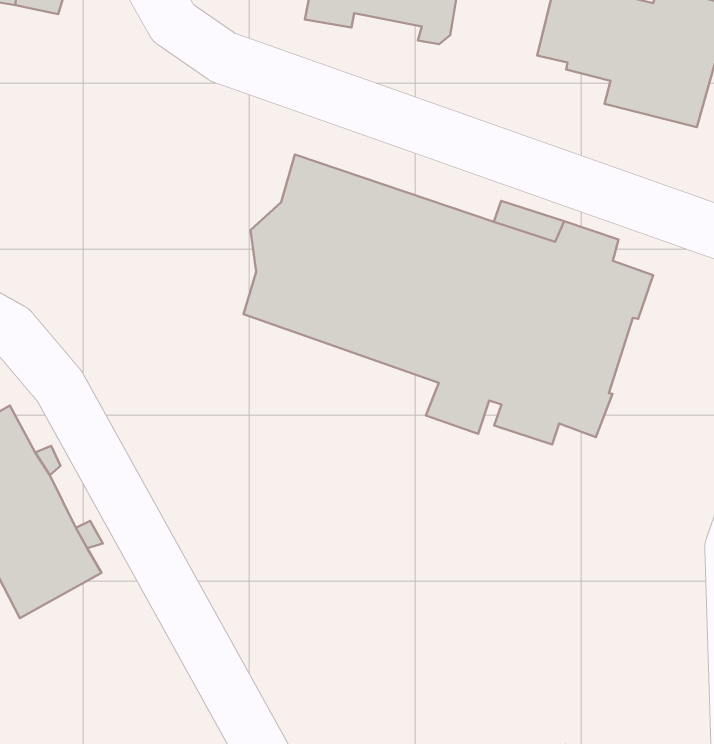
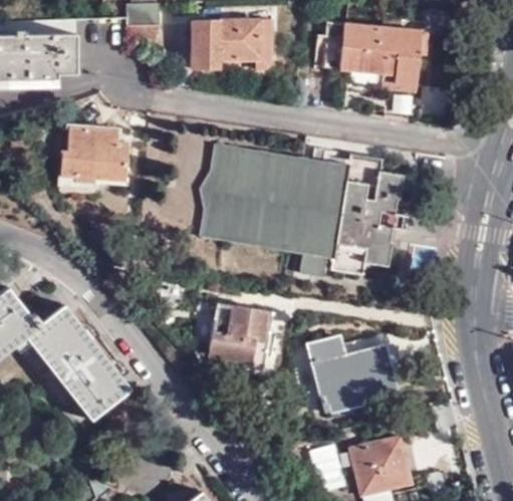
building: none -> [60,126,130,185]
building: none -> [211,304,276,371]
building: none -> [307,333,396,413]

